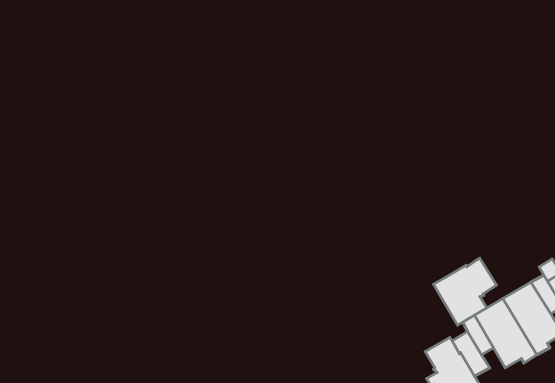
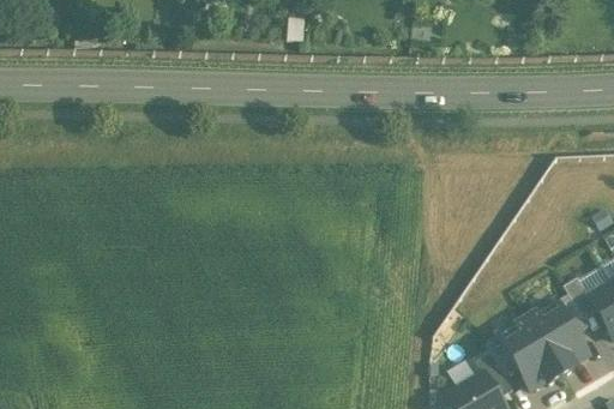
building: [434,258,497,325] -> none

